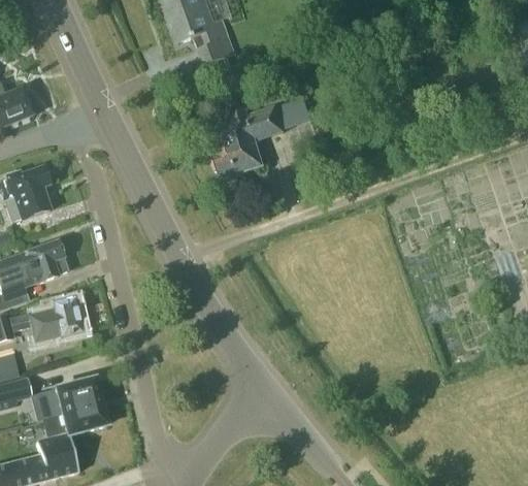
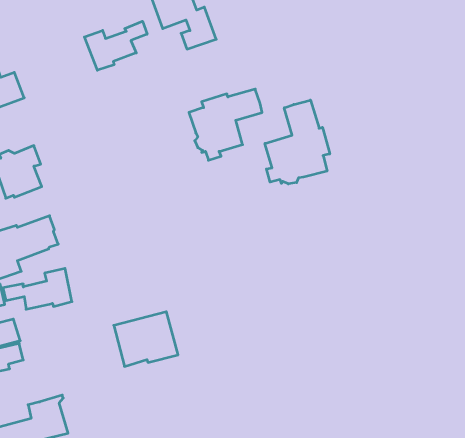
building: none -> [84,21,147,70]
building: [276,98,307,125] -> none
building: none -> [265,100,330,184]
building: [36,380,104,438] -> [114,312,178,366]

